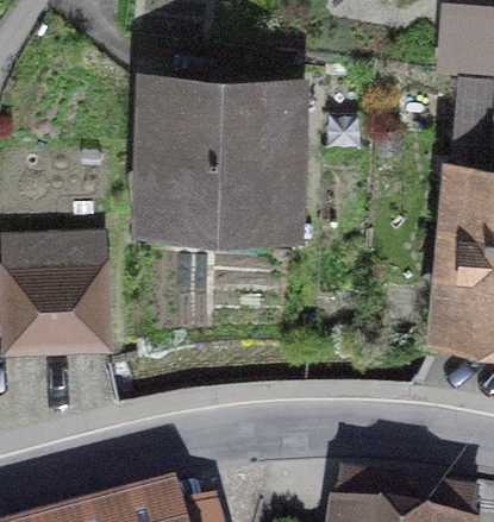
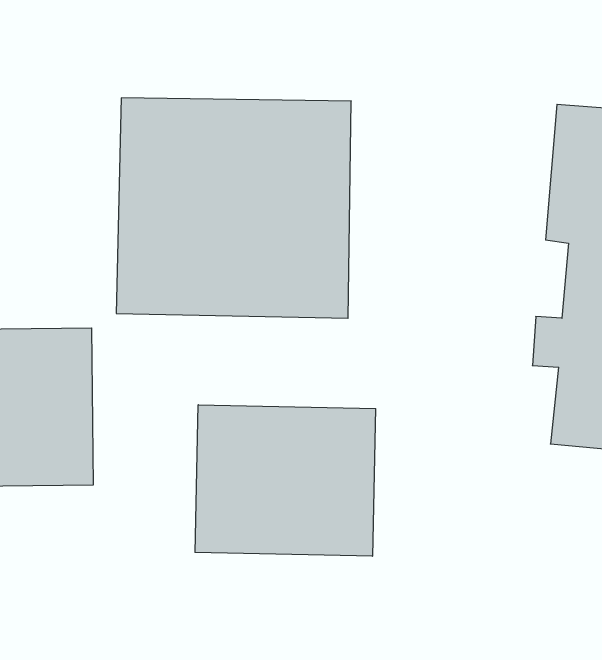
building: none -> [195,405,376,556]

